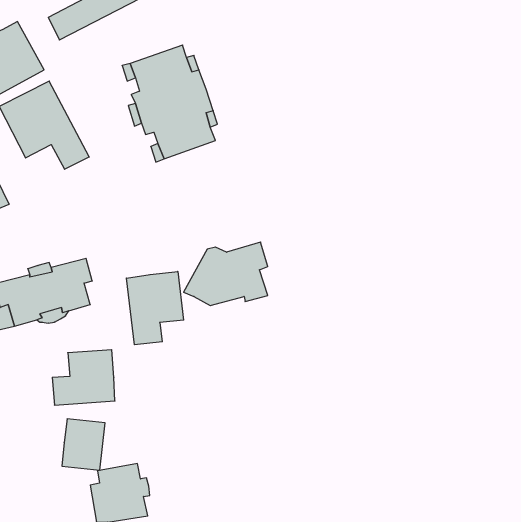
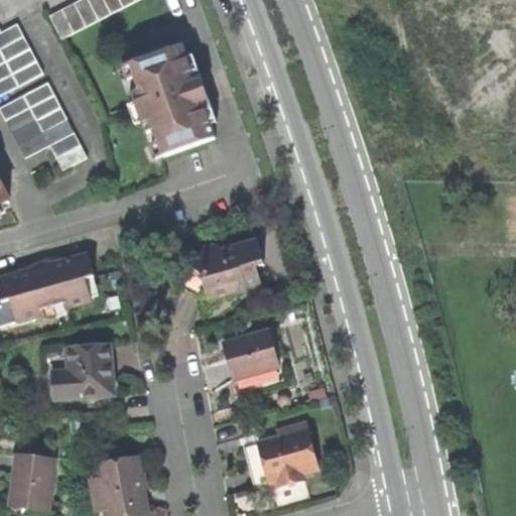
building: [126,271,184,345] -> none
building: none -> [223,329,279,378]
building: [62,419,105,470] -> [10,455,52,505]
building: none -> [243,429,319,487]

